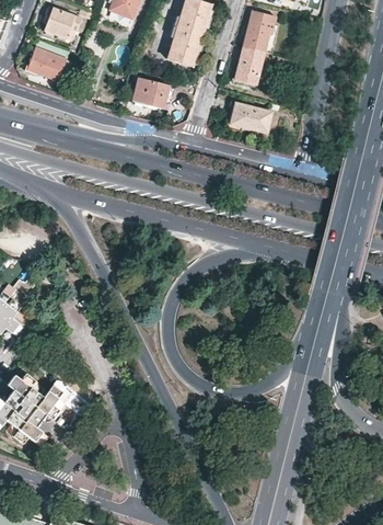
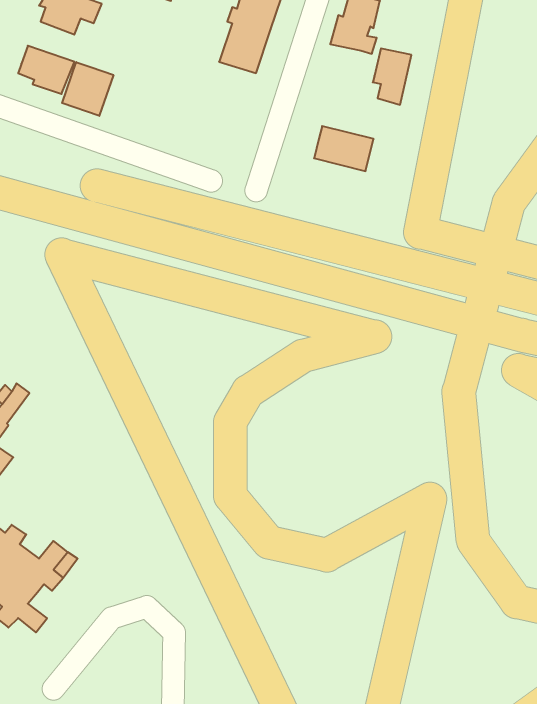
building: [236,47,263,85] -> [373,48,411,105]
building: none -> [62,62,113,116]
building: [134,79,174,110] -> none

